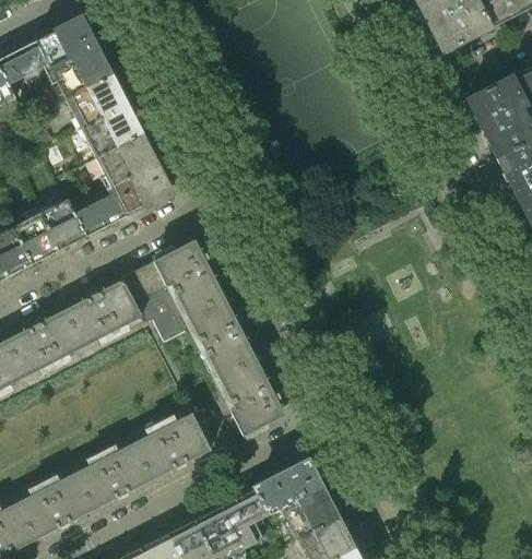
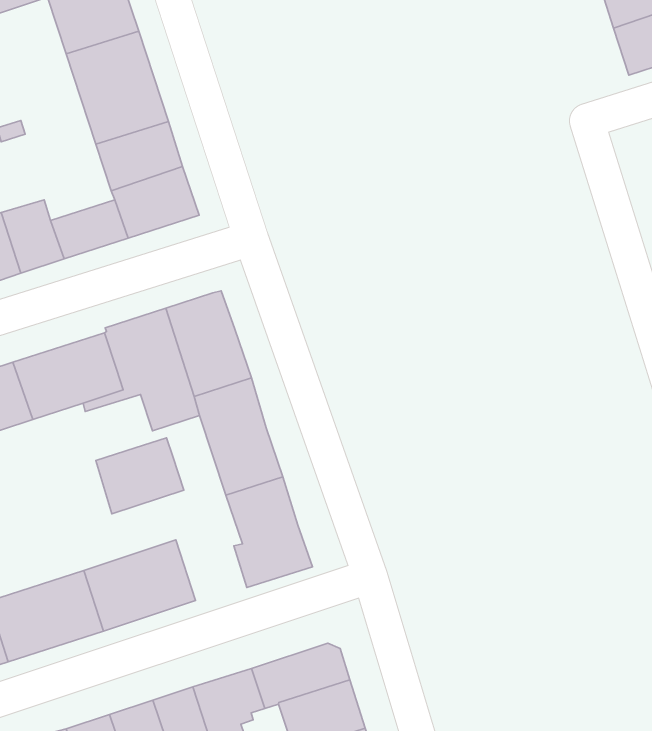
building: none -> [96,438,184,514]

